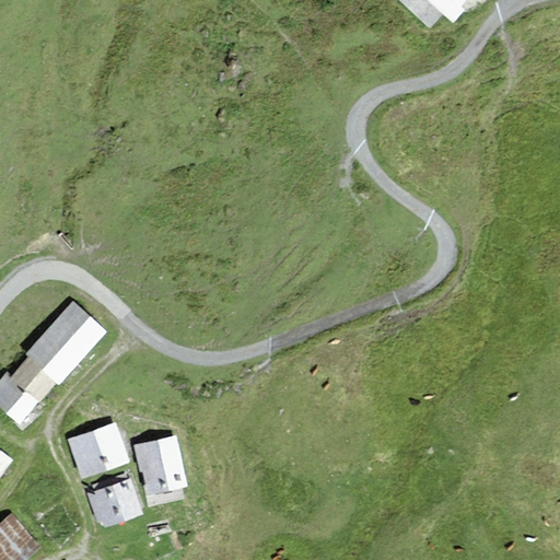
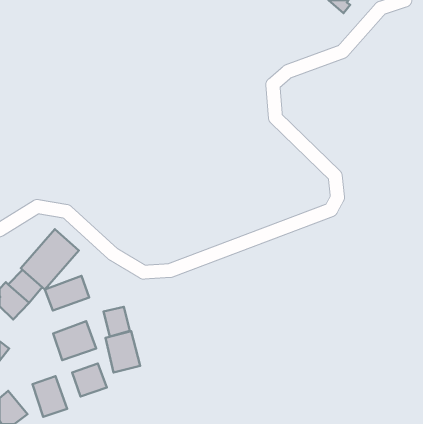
building: none -> [45,276,89,310]
building: none -> [104,307,130,337]
building: none -> [32,376,67,417]

